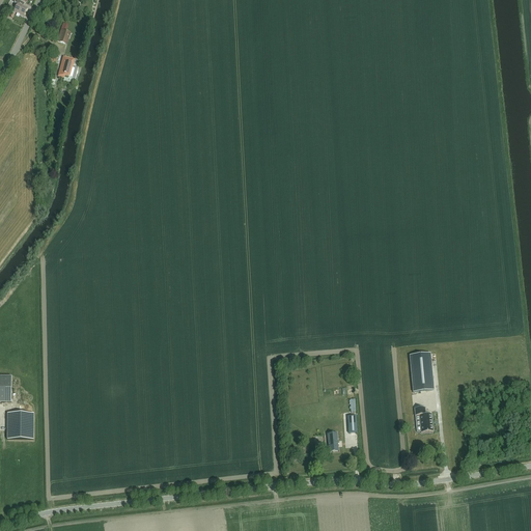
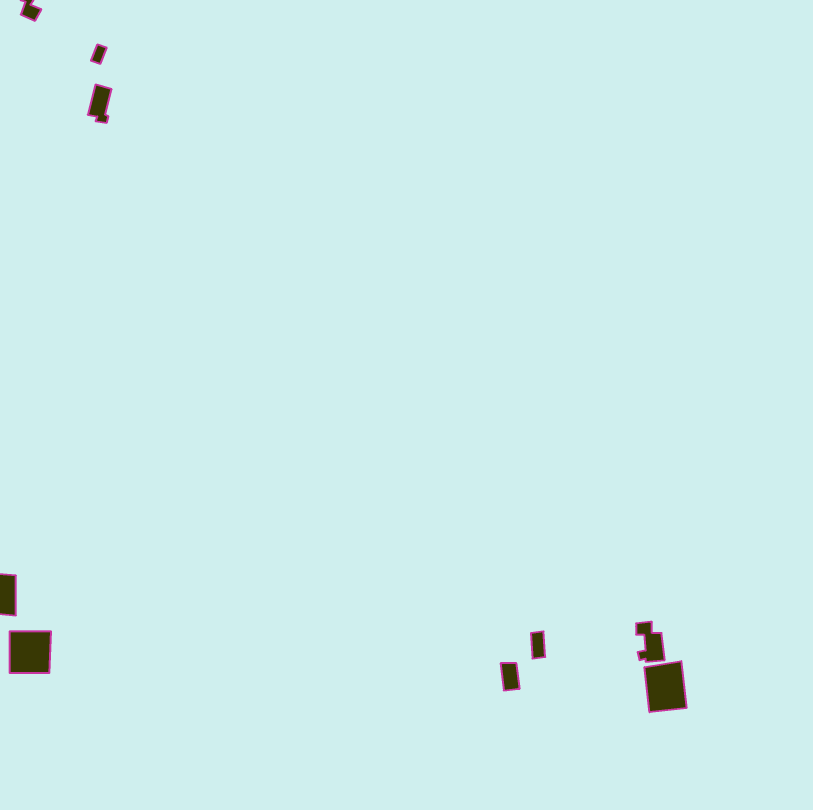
building: [409,352,432,390] -> none
building: none -> [645,661,686,712]

